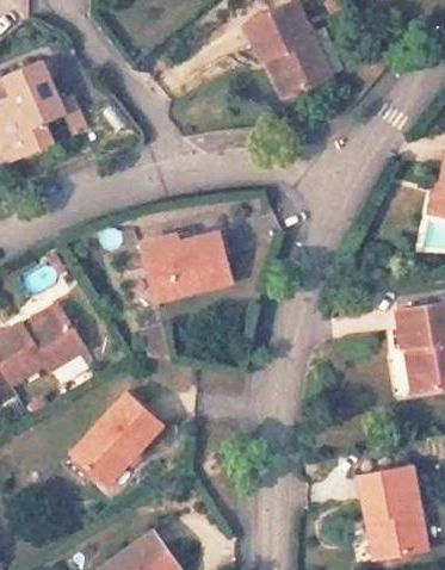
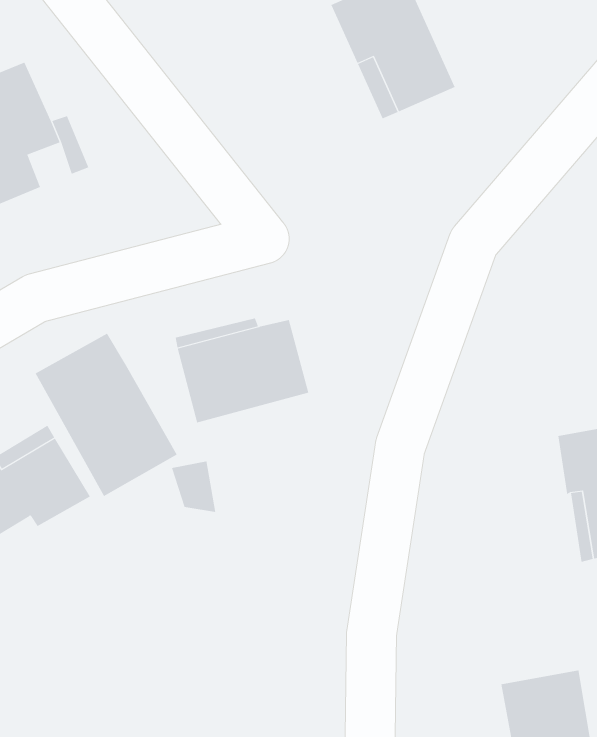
building: none -> [35,333,177,497]
building: [72,392,163,484] -> none

